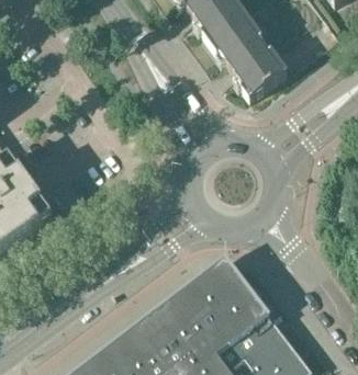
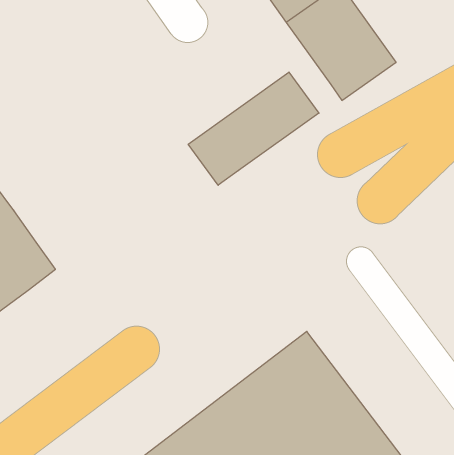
building: none -> [188,72,319,185]

